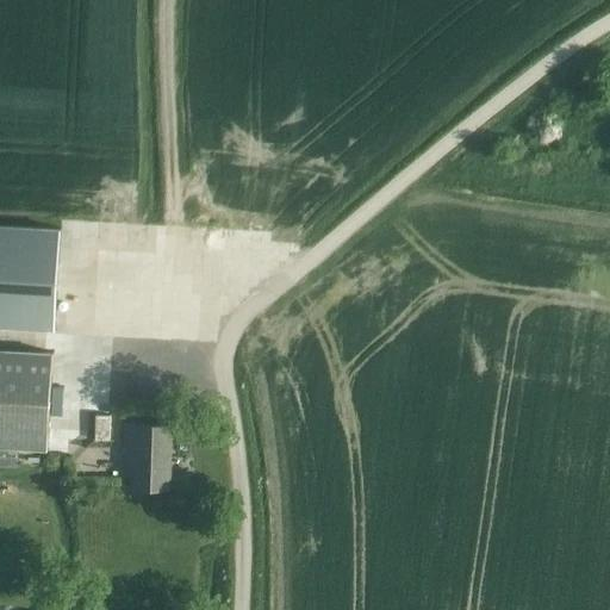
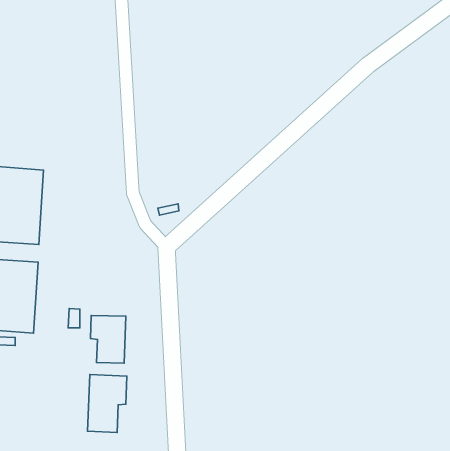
building: none -> [88,374,127,433]

